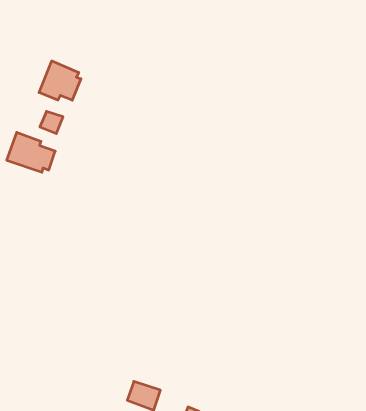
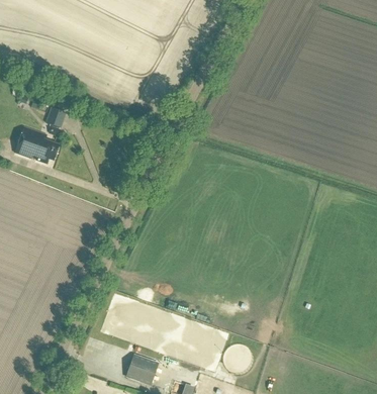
building: [39,61,81,100] -> none

